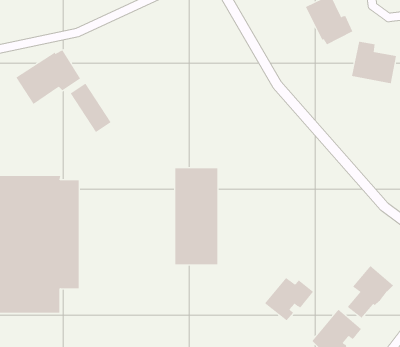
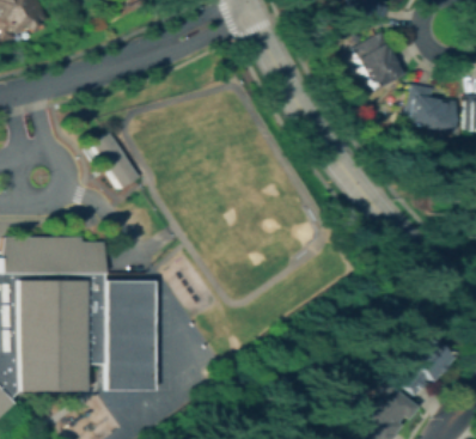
building: [16,50,81,105] -> none
building: [174,168,218,265] -> [103,280,152,389]
building: [264,277,314,321] -> none

